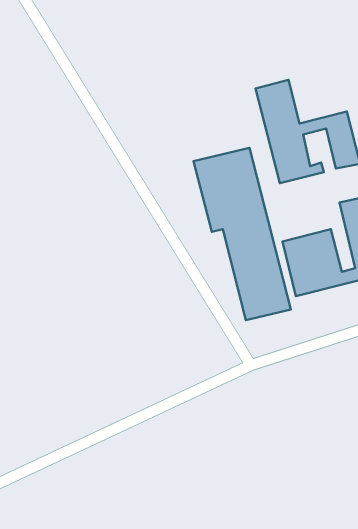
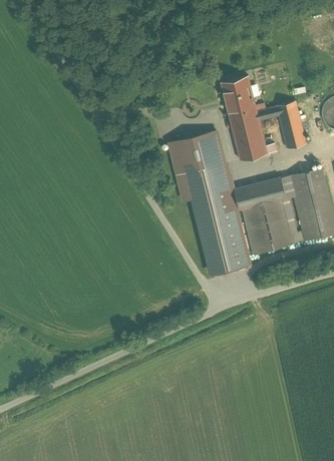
building: none -> [234,178,285,210]

